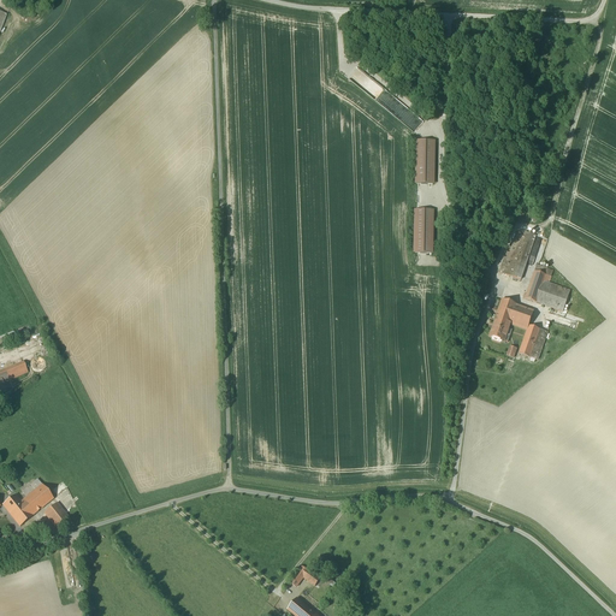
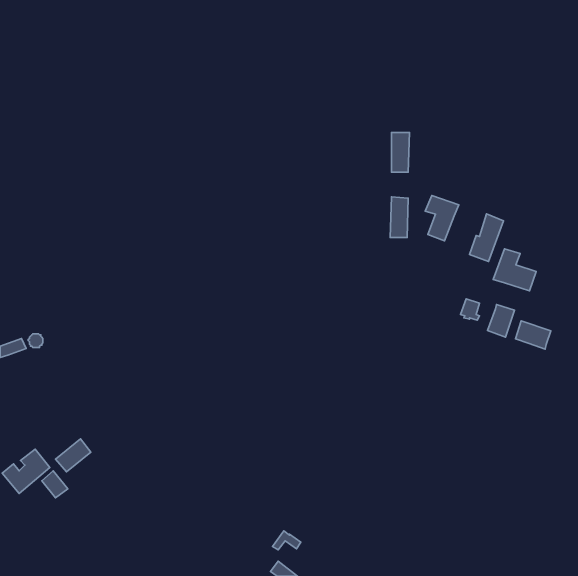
building: none -> [425,196,459,241]
building: [496,298,533,328] -> [516,321,551,349]
building: none -> [56,439,91,472]

